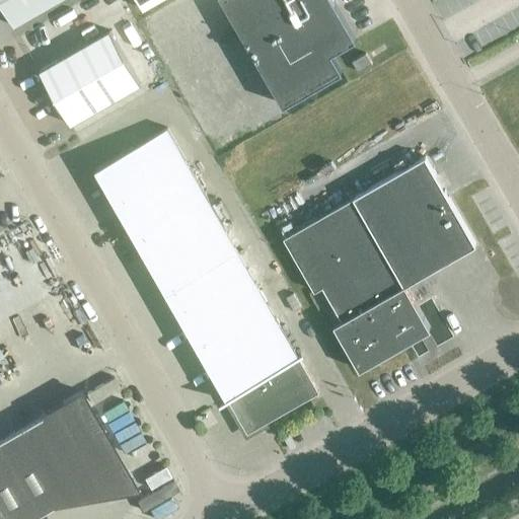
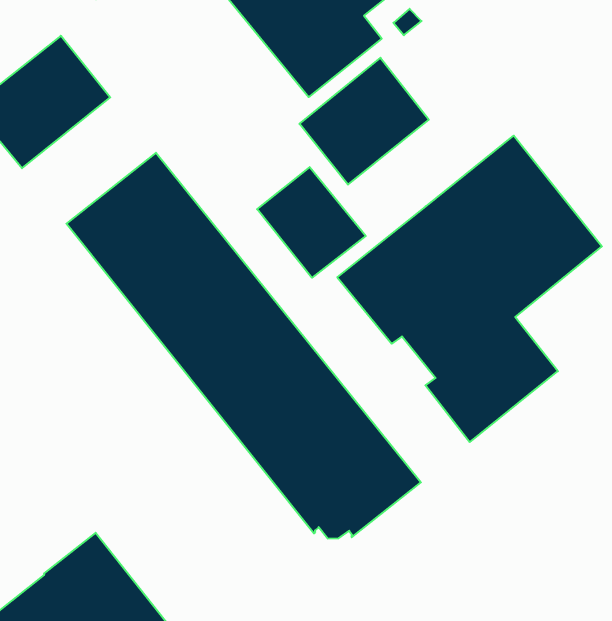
building: none -> [299,58,429,185]
building: none -> [257,167,366,278]

